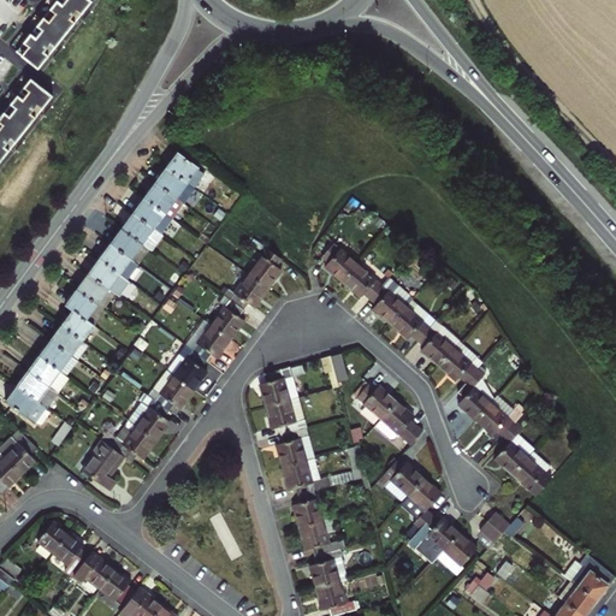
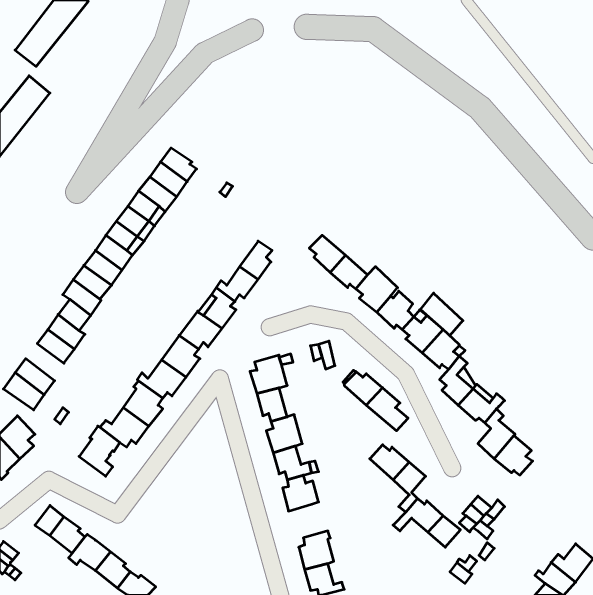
building: none -> [421,293,463,336]
building: [26,355,69,393] -> none
building: [298,521,344,556] -> none

